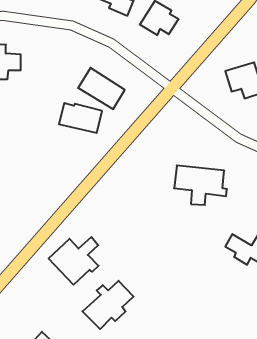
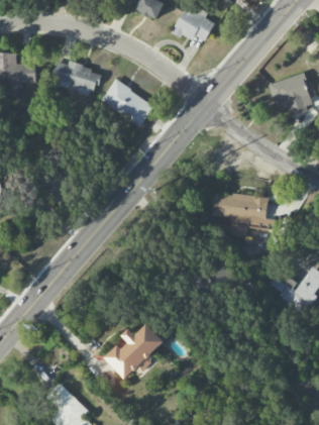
building: [59,103,102,133] -> [50,62,100,96]
building: [49,237,99,285] -> none

